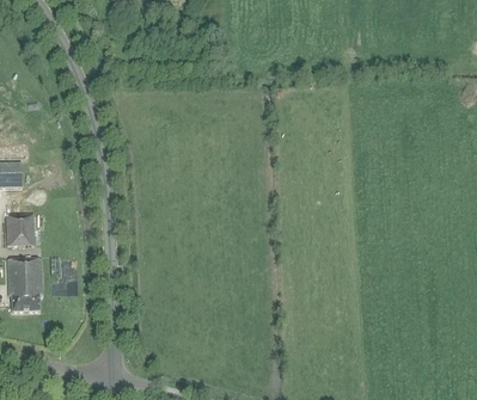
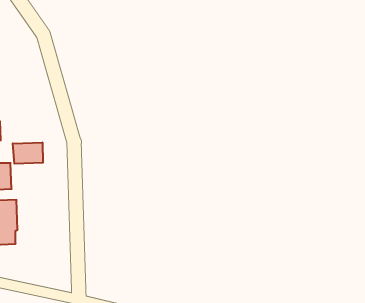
building: none -> [13,142,43,164]

